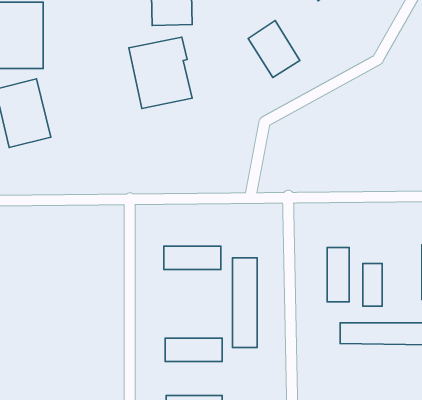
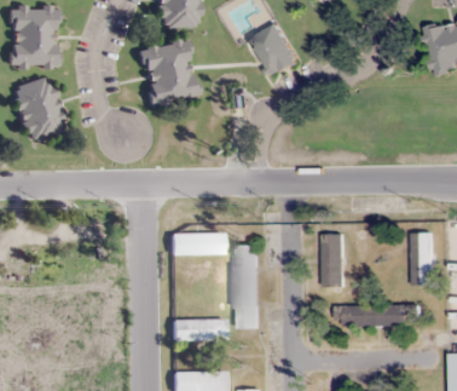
building: [363,264,382,306] -> none

